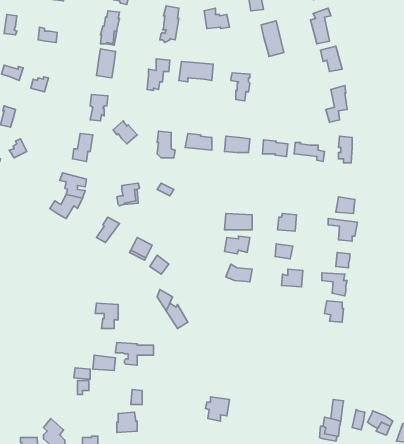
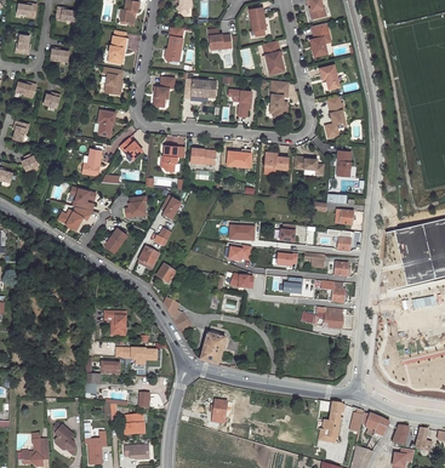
building: none -> [270,80,289,118]
building: none -> [199,333,223,365]

